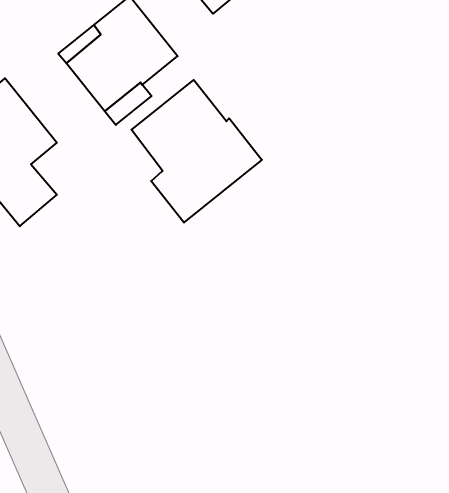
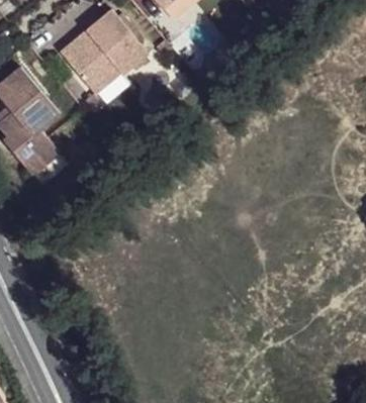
building: [131,80,262,223] -> none

